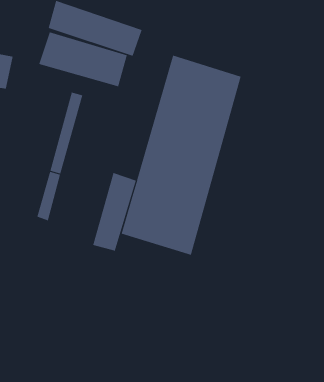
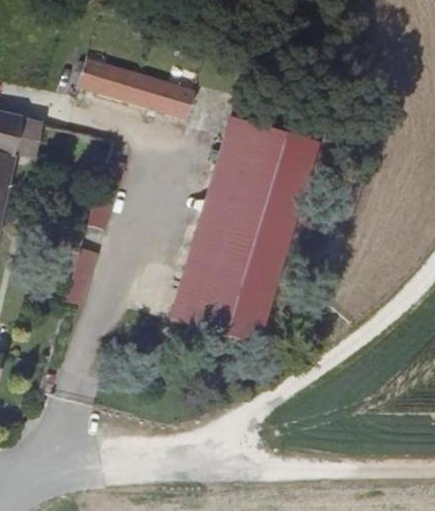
building: [38,31,128,87] -> none
building: [93,172,136,252] -> none

